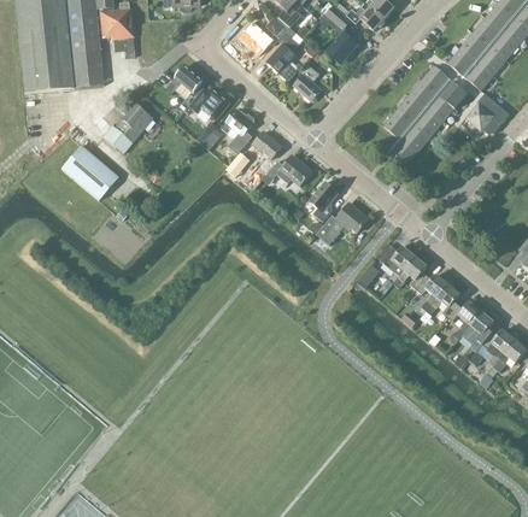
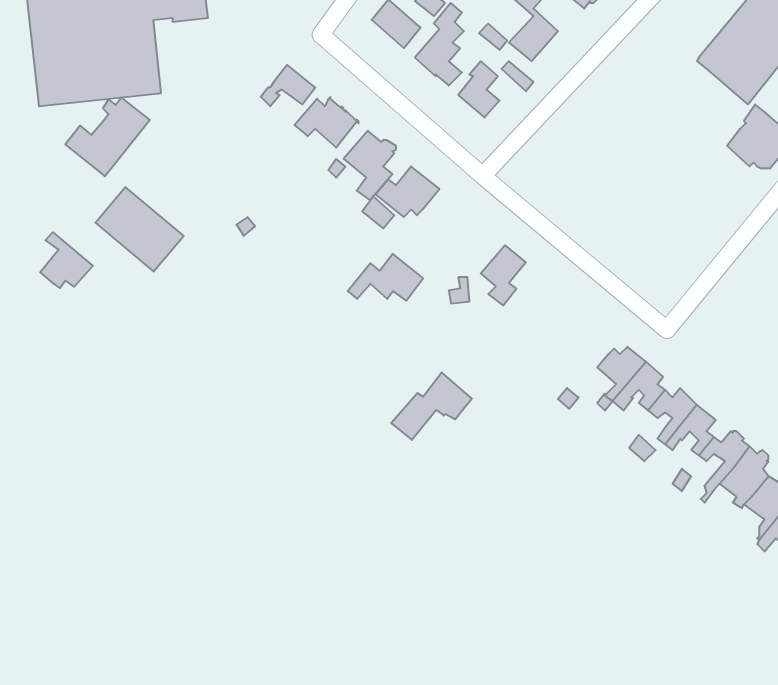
building: [383,65,465,169] -> none
building: [98,102,152,153] -> [65,97,150,176]
building: [263,154,311,184] -> [348,254,423,301]
building: none -> [40,232,93,288]
building: [316,201,368,245] -> [391,372,472,440]

